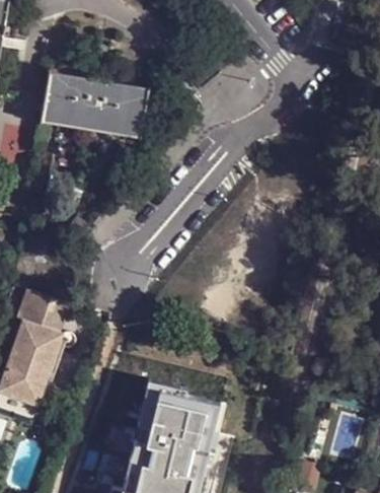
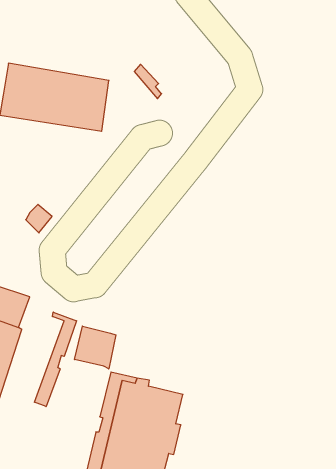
building: none -> [34,312,77,407]
building: none -> [75,326,116,369]

